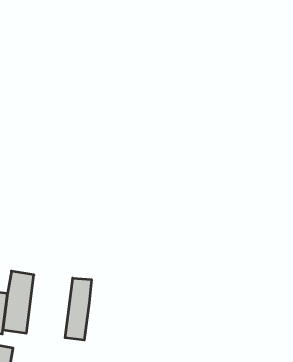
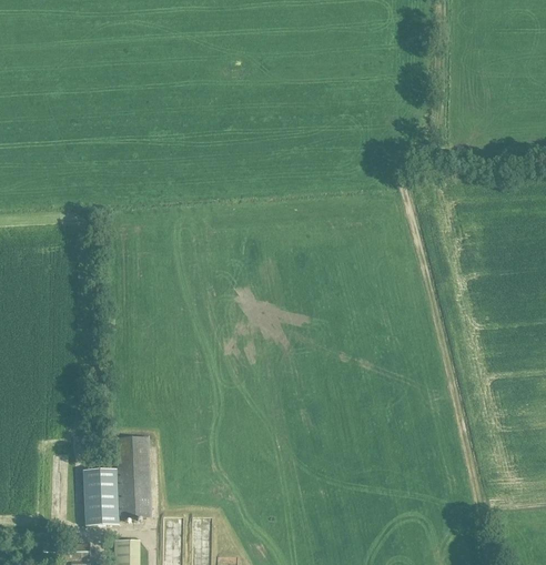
building: [65,278,91,340] -> none

